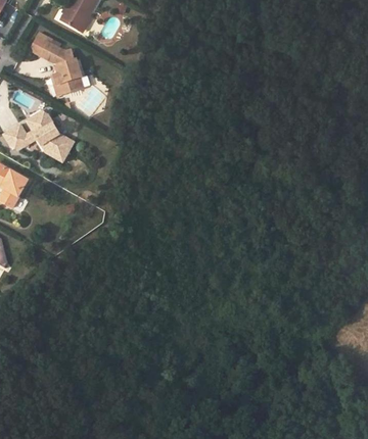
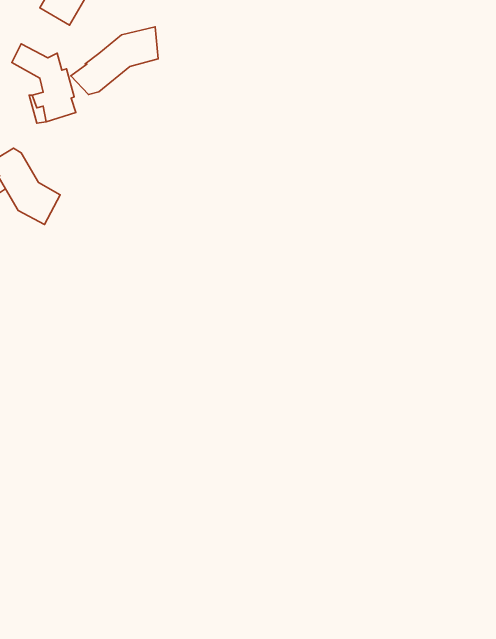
building: none -> [71,27,158,95]

